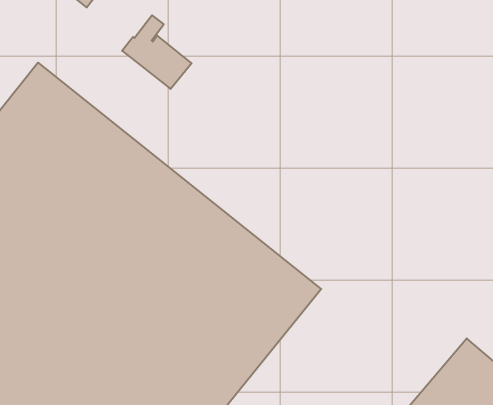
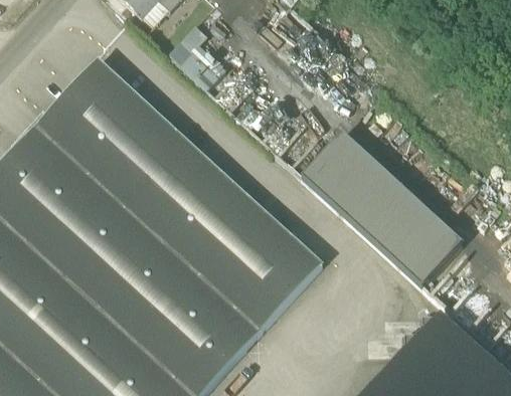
building: none -> [302,133,462,285]

